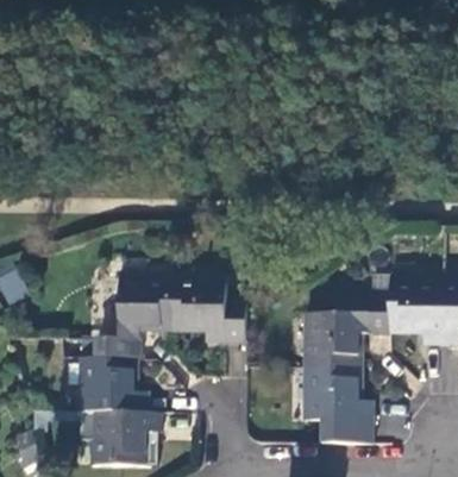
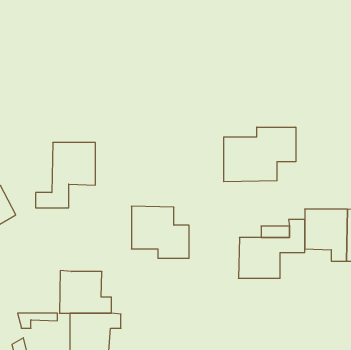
building: none -> [224,127,296,182]
building: [98,277,172,359] -> [36,143,95,208]
building: [307,368,374,445] -> none

